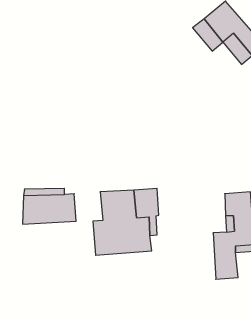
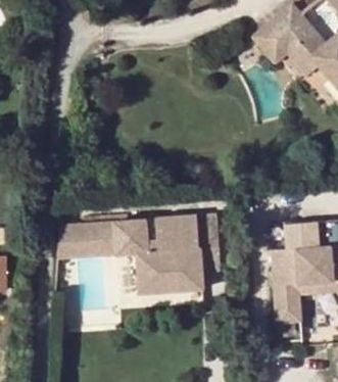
building: none -> [114,222,147,255]

